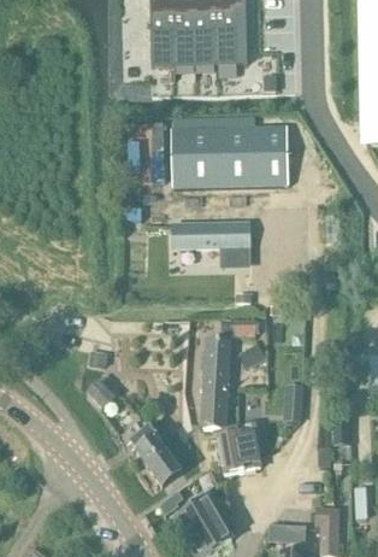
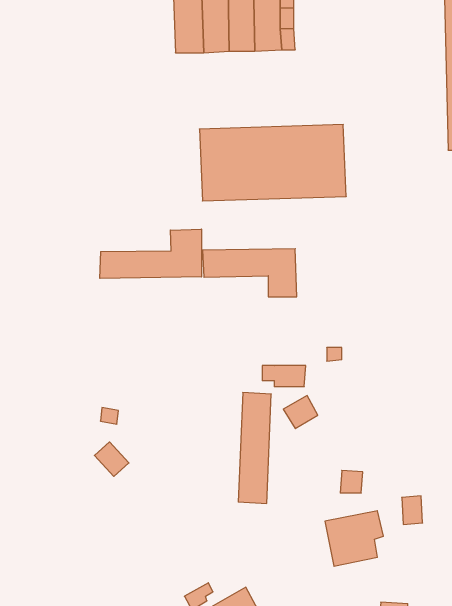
building: none -> [100,229,201,278]
building: [129,424,178,483] -> none
building: [217,428,264,473] -> [325,511,383,566]

